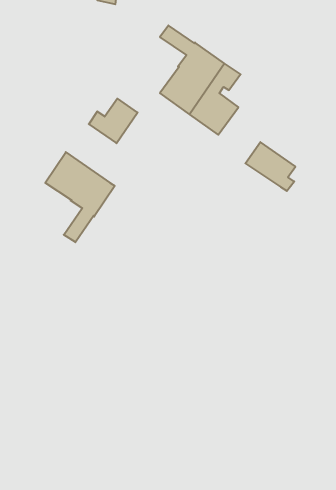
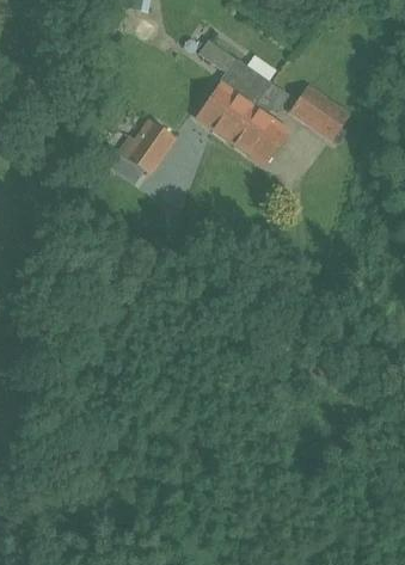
building: [245,142,295,191] -> [290,87,346,142]
building: [45,152,115,242] -> none

